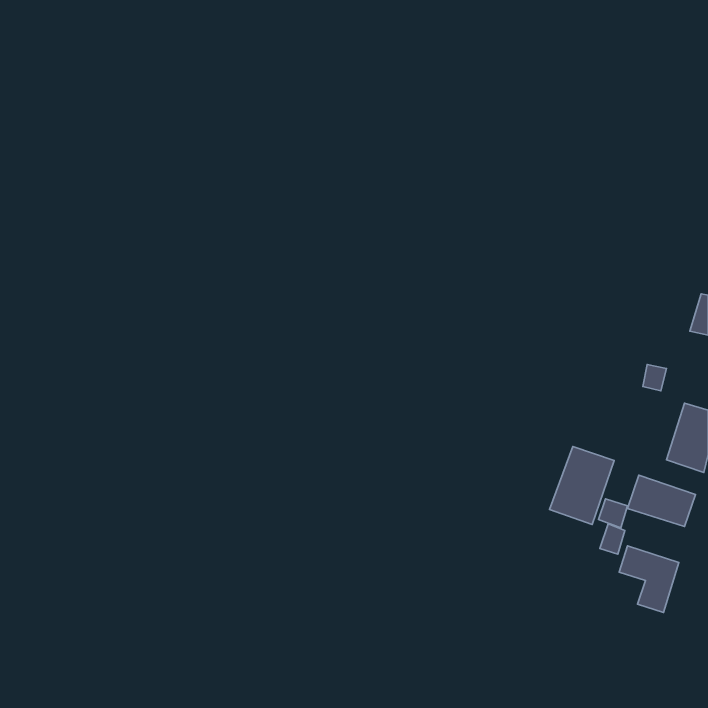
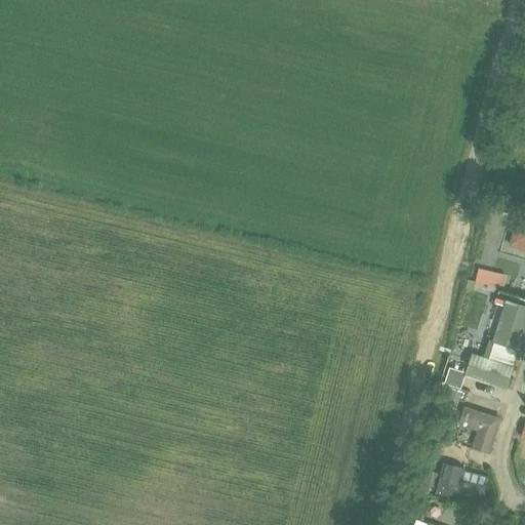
building: [550,447,614,525] -> none
building: none -> [436,461,488,506]

